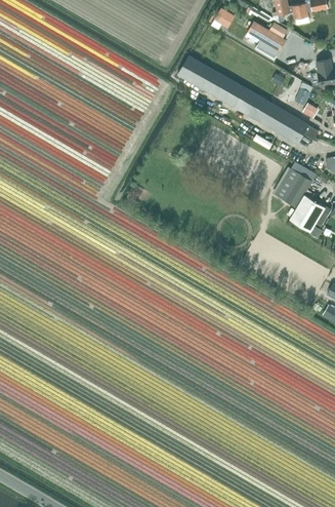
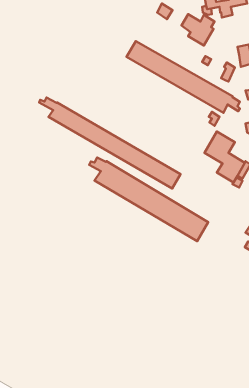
building: none -> [39,98,180,188]
building: none -> [89,157,208,241]

